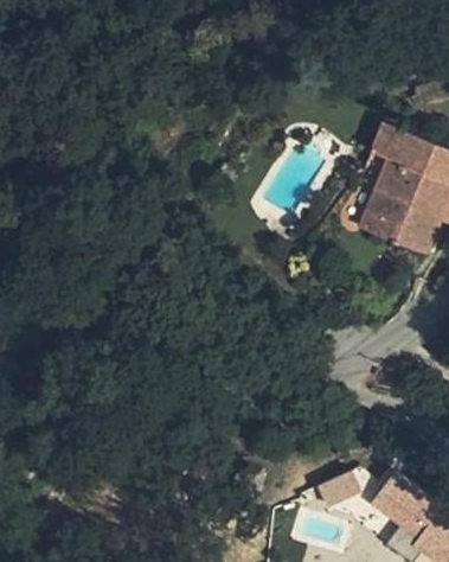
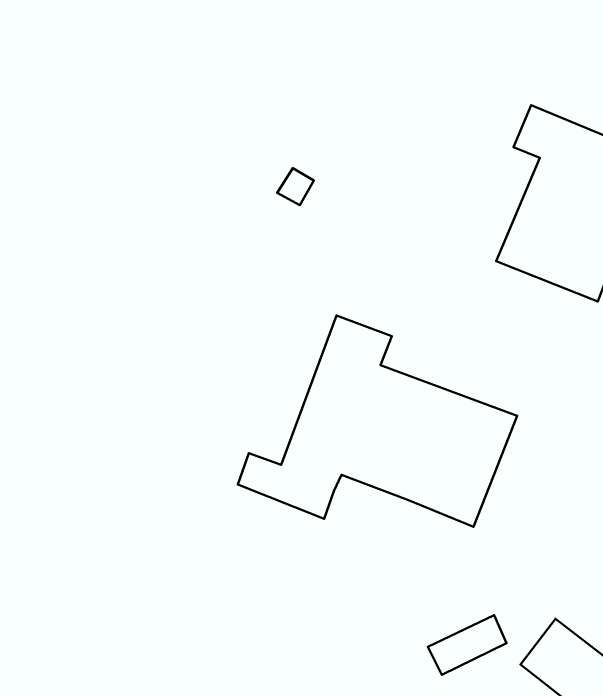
building: none -> [238,315,517,527]

